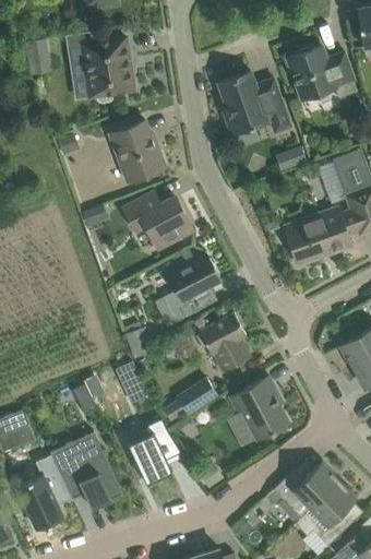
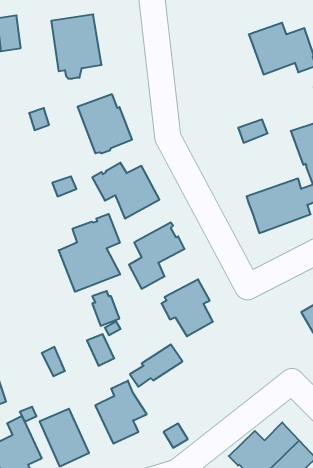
building: [218,71,291,133] -> none
building: none -> [59,214,120,292]
building: [227,376,288,444] -> none

